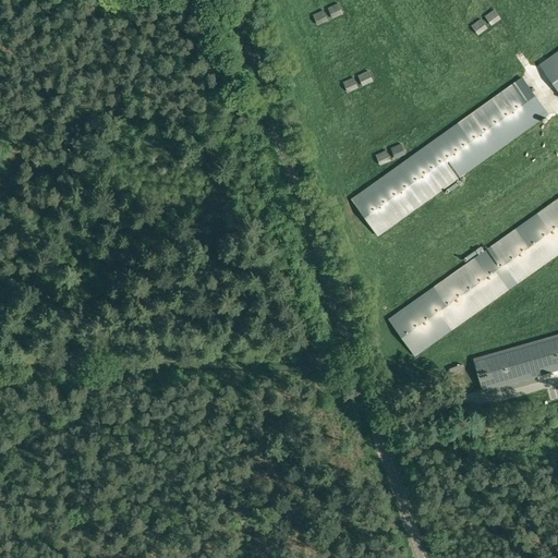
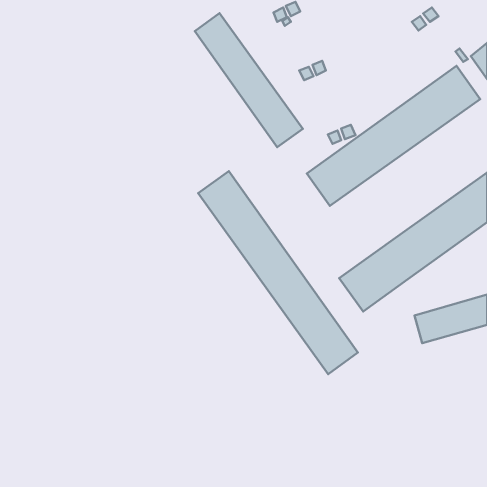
building: none -> [195,13,303,147]
building: none -> [198,171,358,374]

